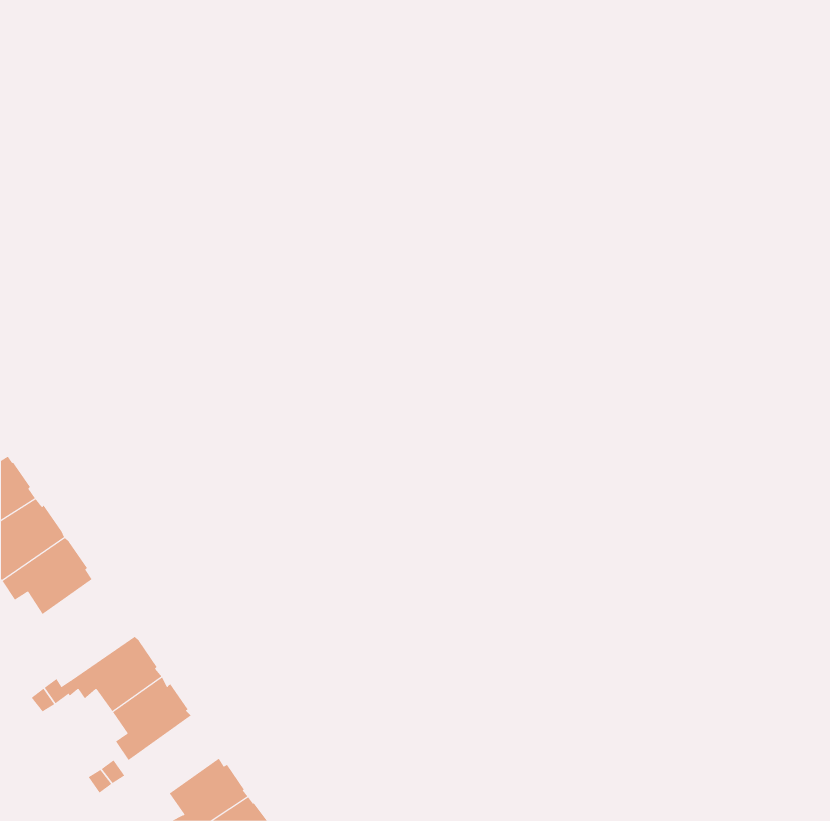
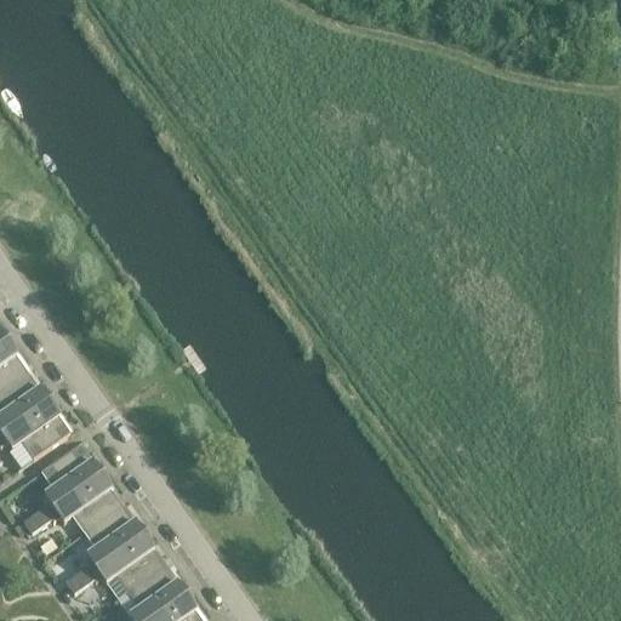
building: none -> [40,445,101,508]
building: none -> [96,535,164,593]

